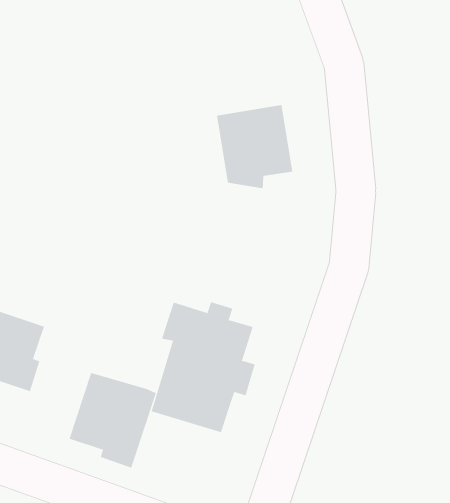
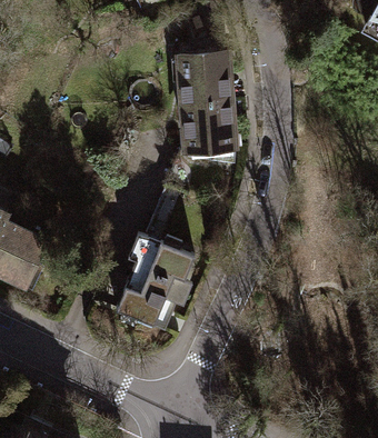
building: none -> [180,53,230,103]
building: [69,372,157,468] -> none

